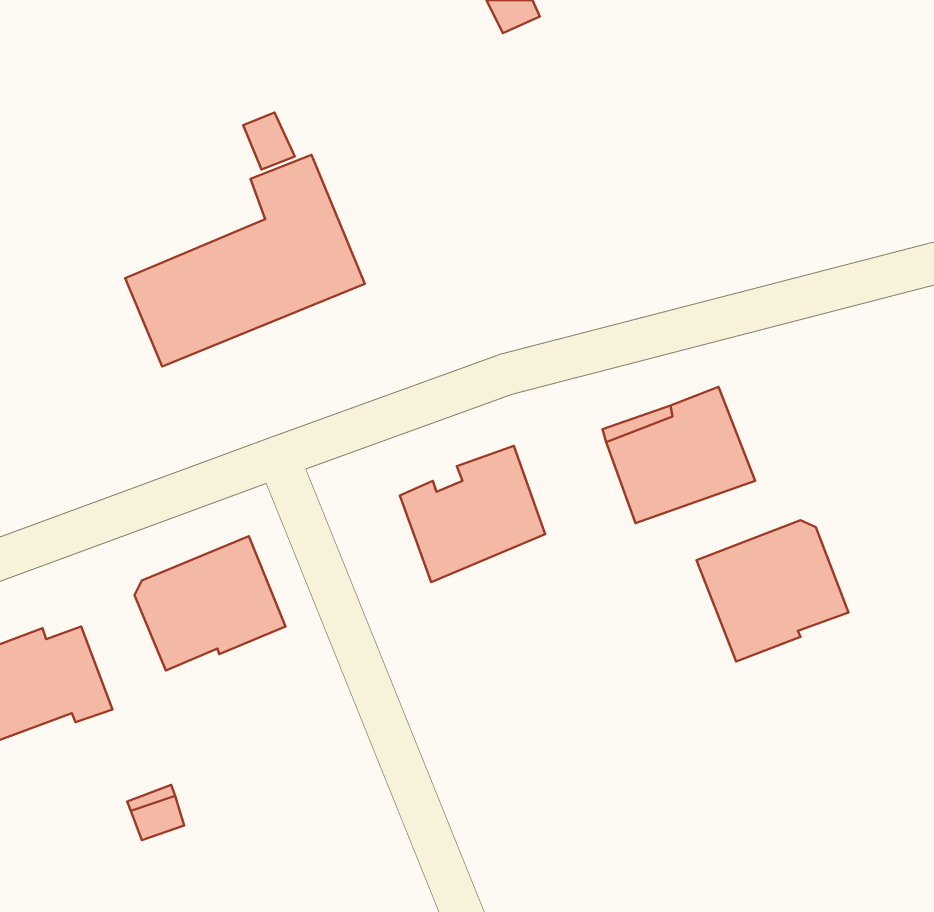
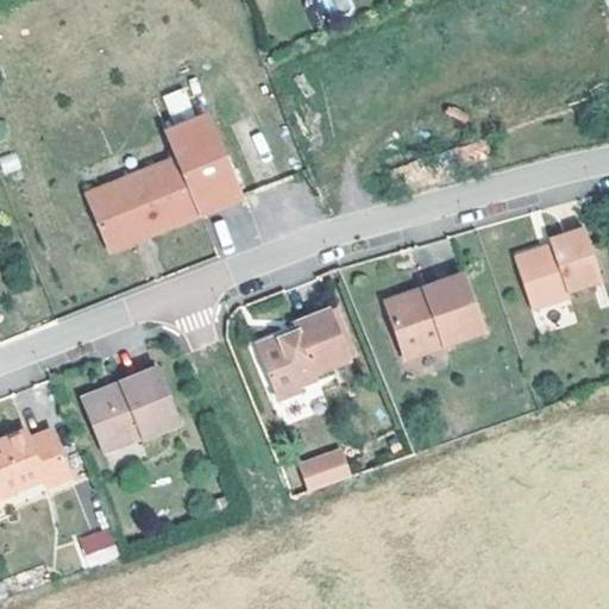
building: none -> [509,224,598,307]
building: [696,520,849,662] -> none
building: none -> [301,451,350,489]

